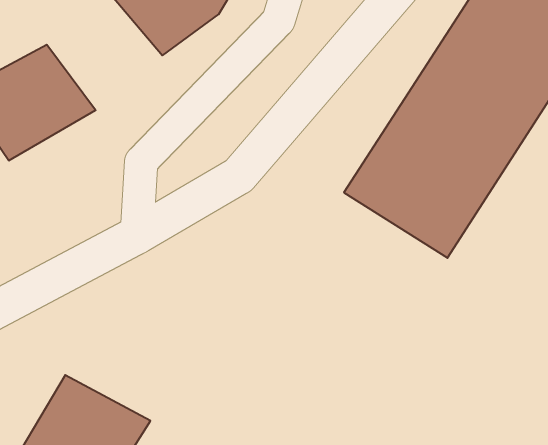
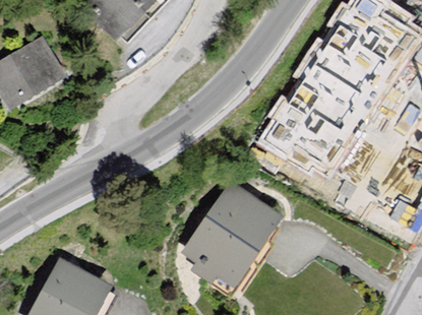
building: none -> [182,186,286,294]

